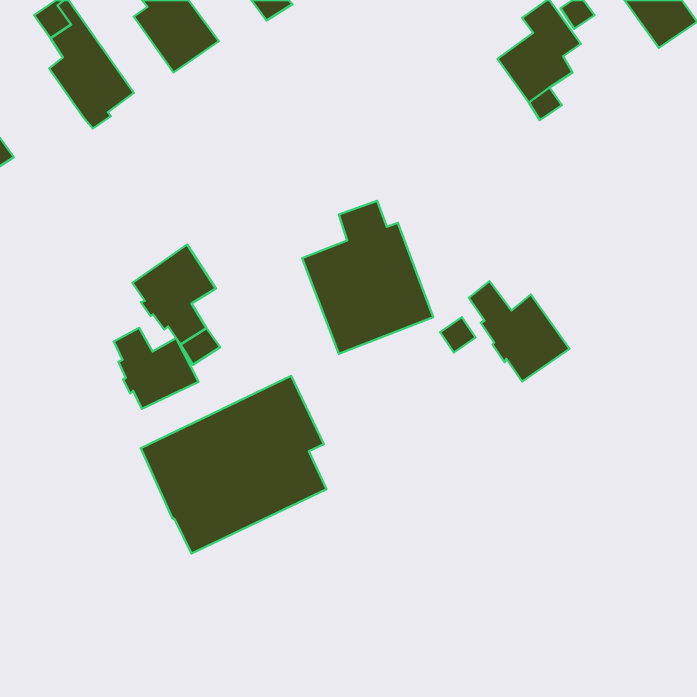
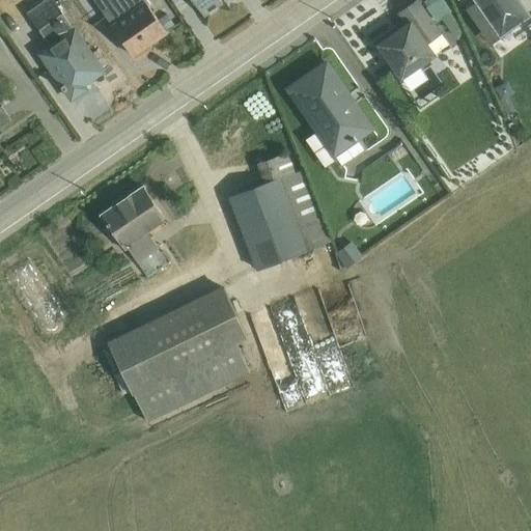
building: none -> [287,63,371,166]
building: [469,281,570,381] -> none
building: [114,328,199,409] -> none

